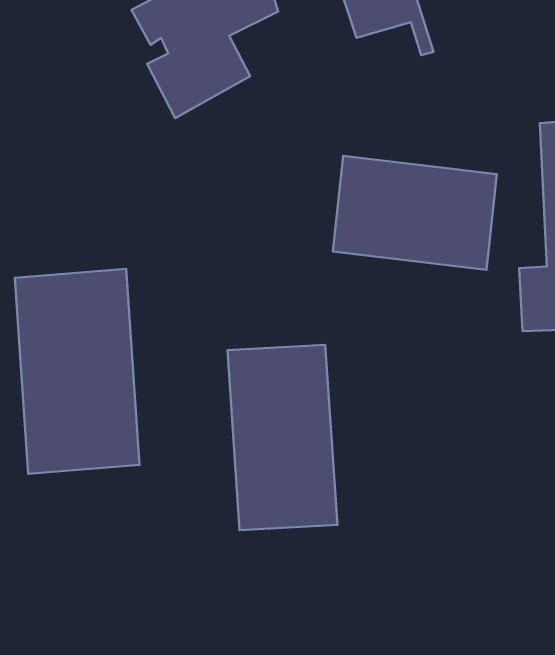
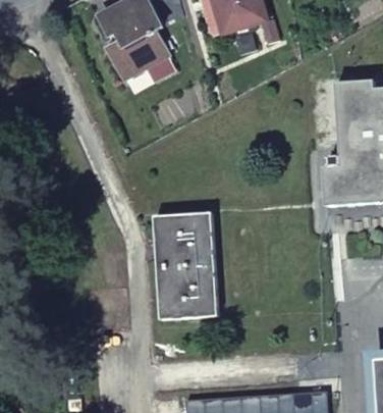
building: [333,156,497,270] -> none
building: [15,269,139,474] -> none

